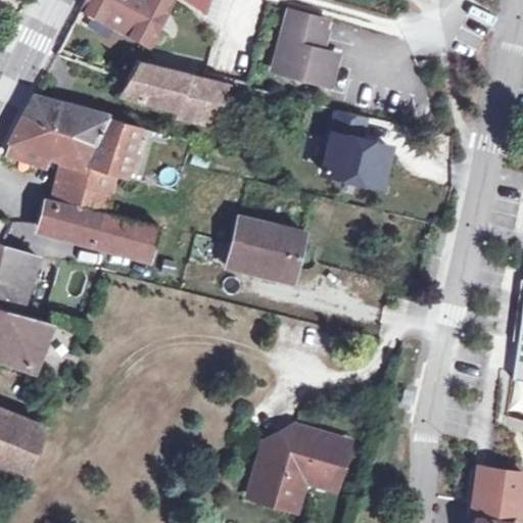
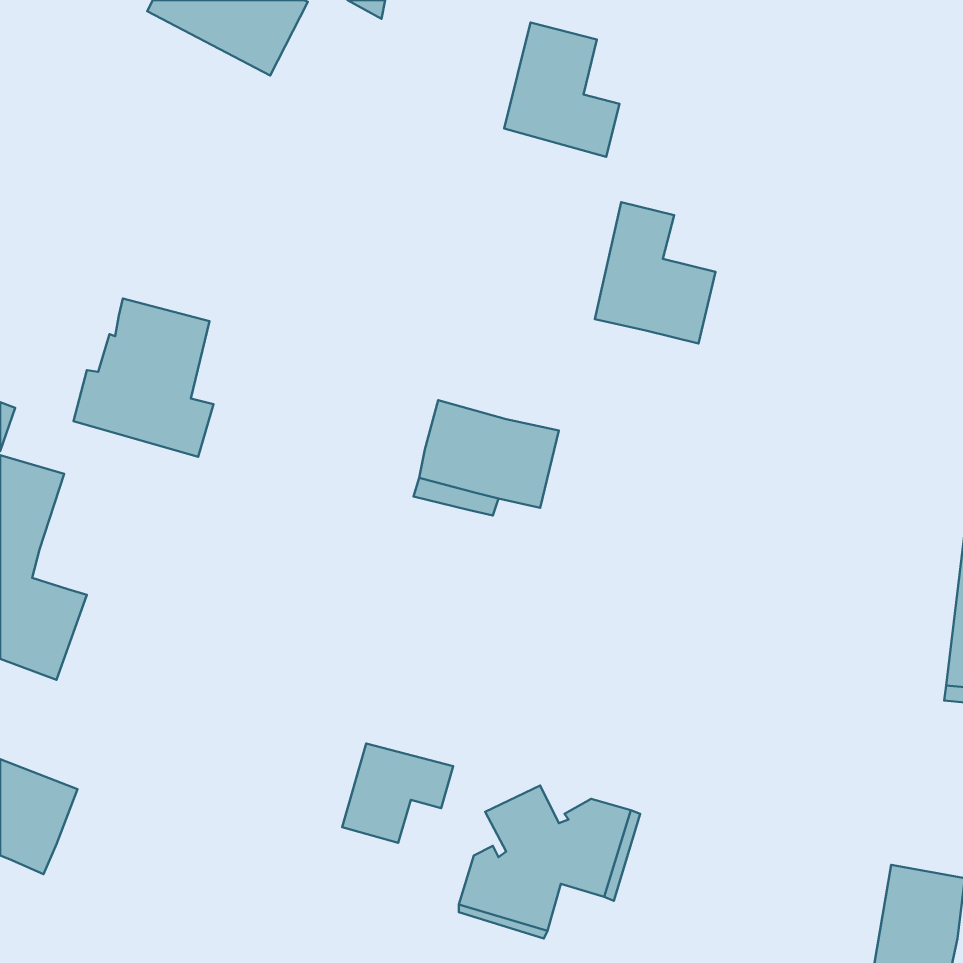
building: [120,62,226,118] -> none
building: [6,96,139,177] -> none
building: [108,220,156,258] -> none
building: none -> [342,744,453,843]

